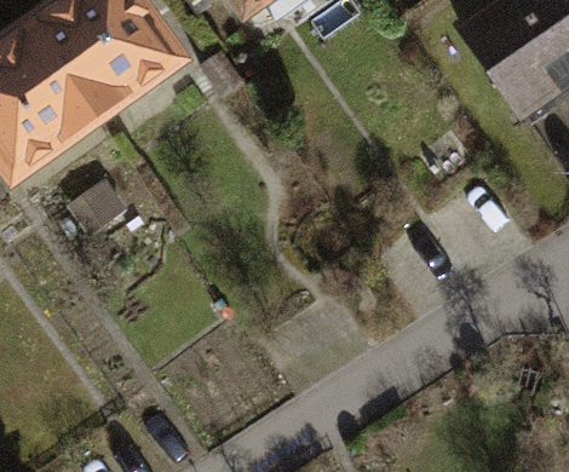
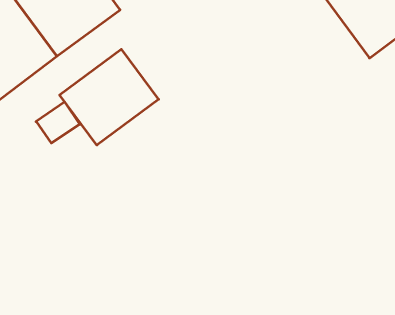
building: none -> [60,49,159,145]

